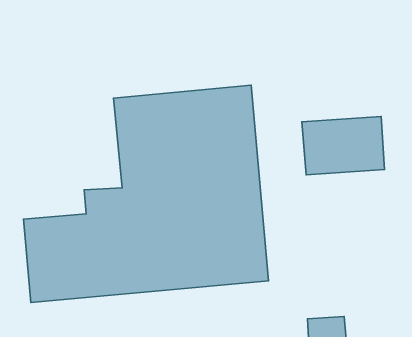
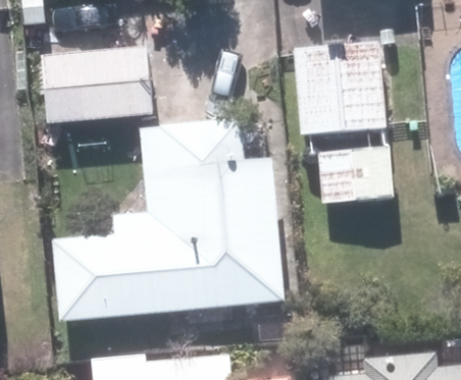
building: none -> [293,45,382,130]
building: none -> [41,50,151,121]

